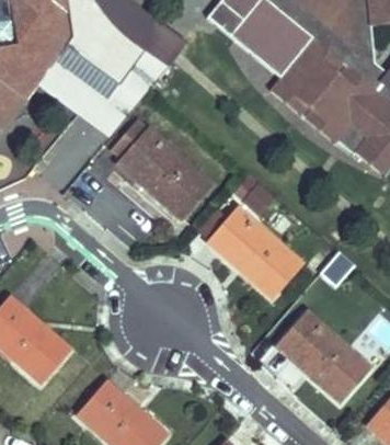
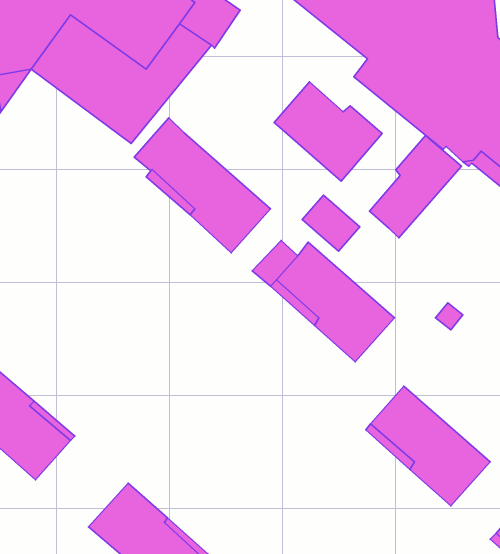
building: none -> [274,82,382,181]
building: none -> [369,135,462,238]

